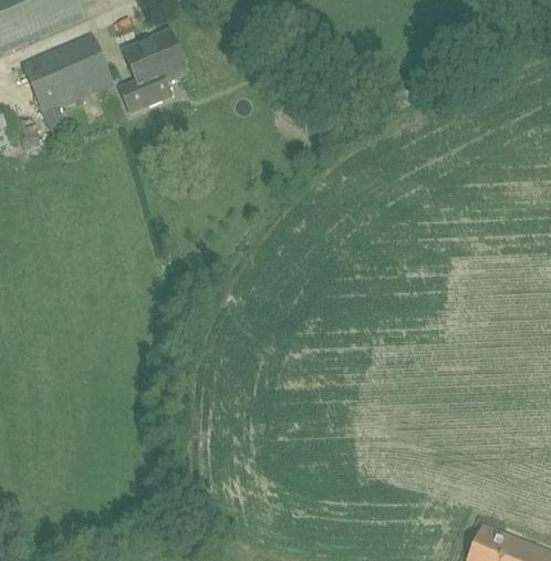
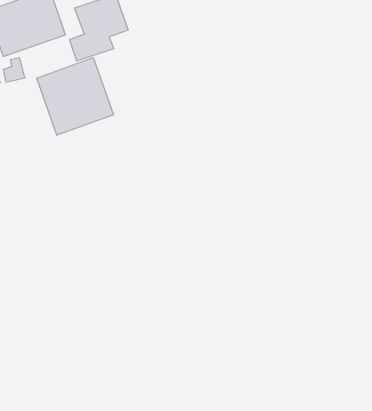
building: none -> [37,58,113,135]

